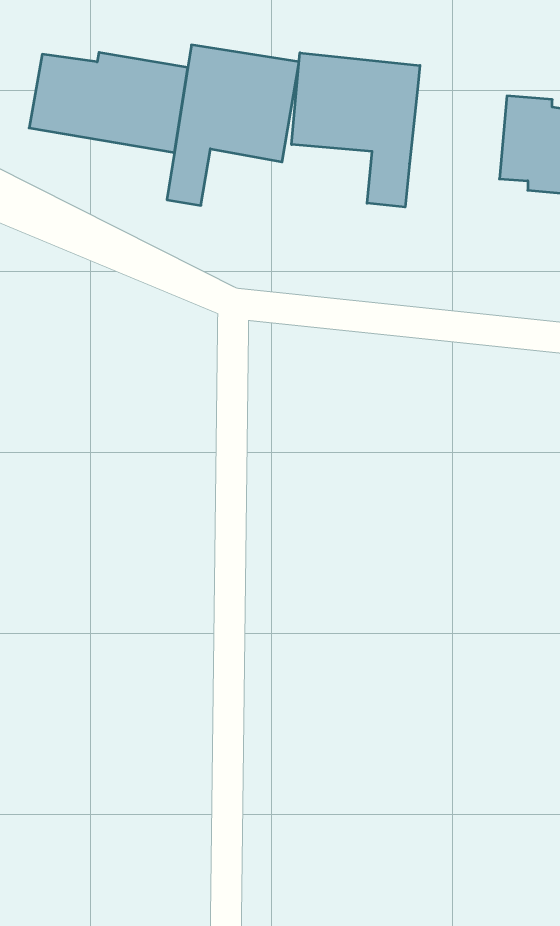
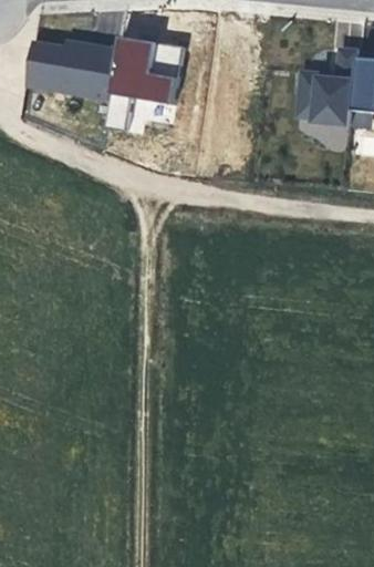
building: [292,53,420,207] -> none

